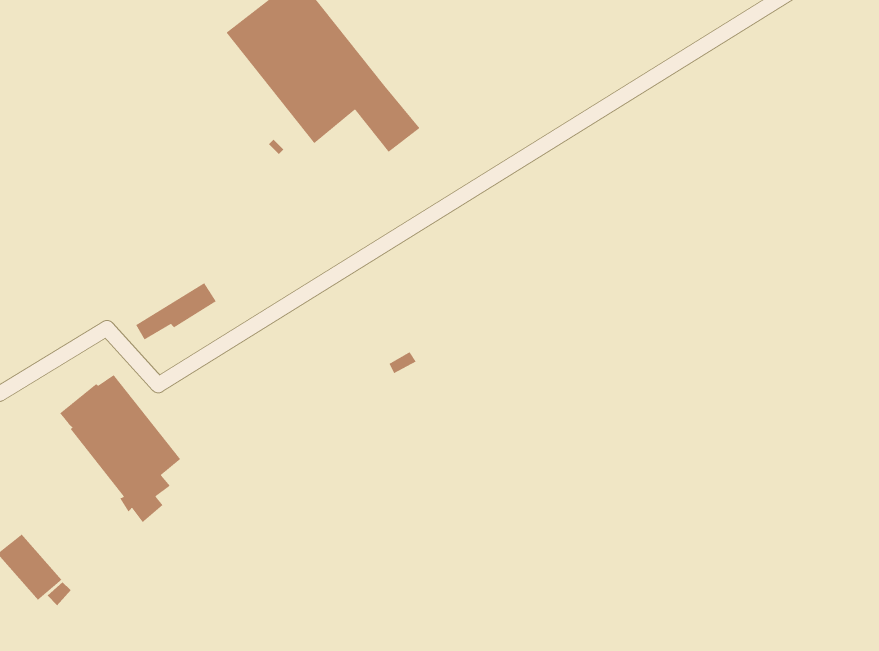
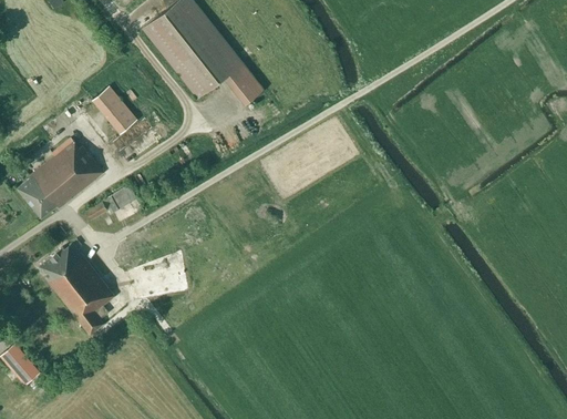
building: none -> [92,85,136,134]
building: none -> [17,137,103,218]

